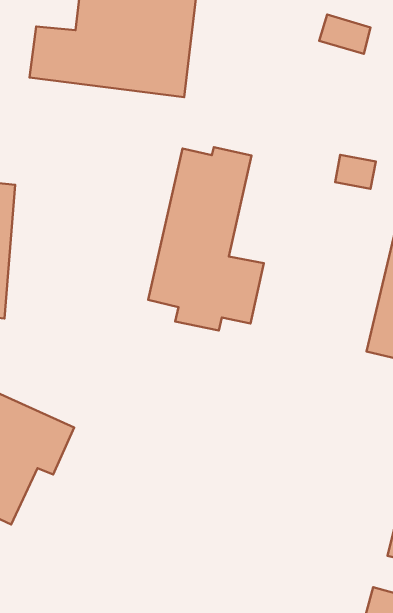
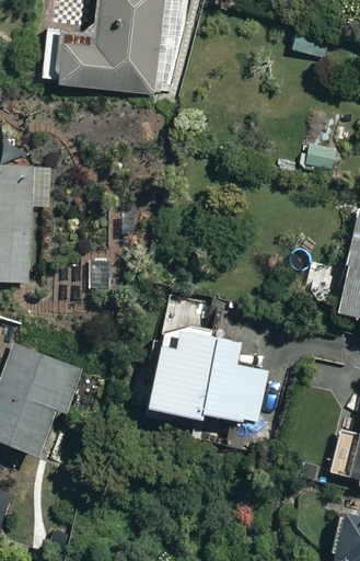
building: [148,147,264,331] -> none
building: none -> [135,321,270,424]

